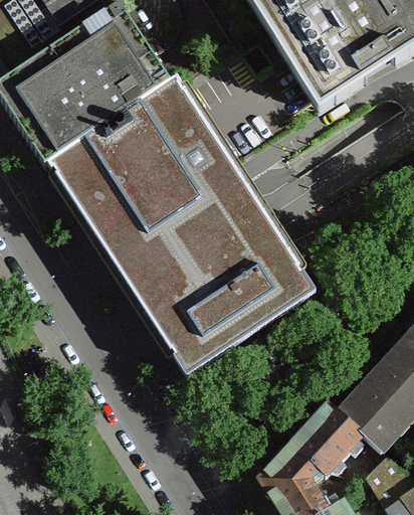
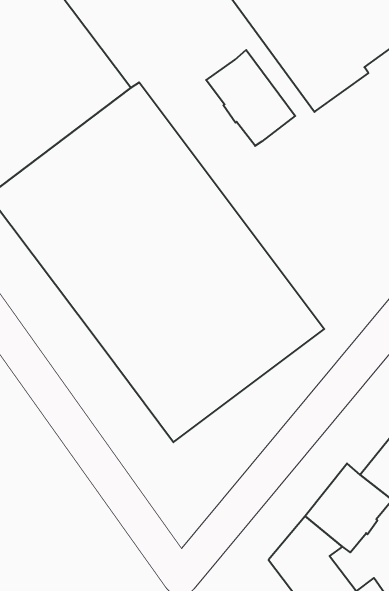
building: none -> [206,50,295,146]

